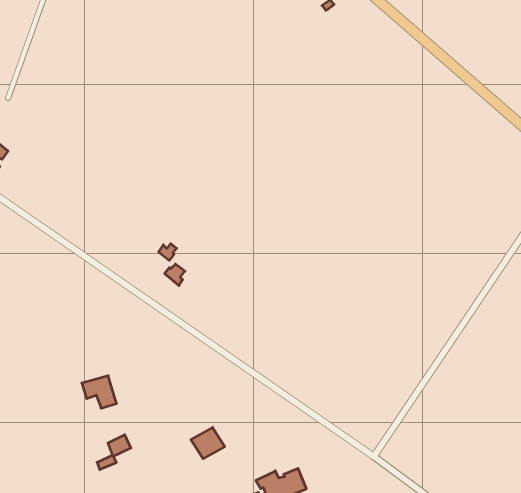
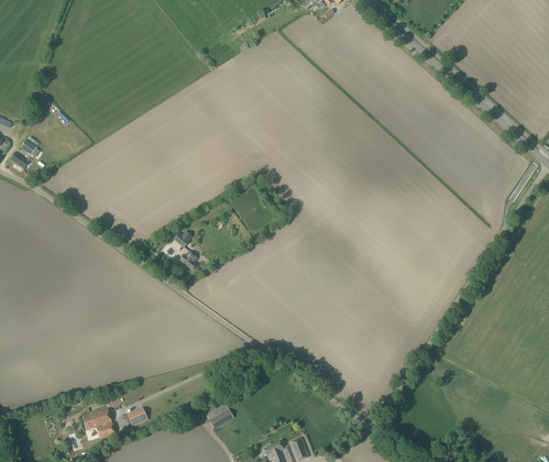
building: [82,376,117,408] -> [83,409,114,439]

